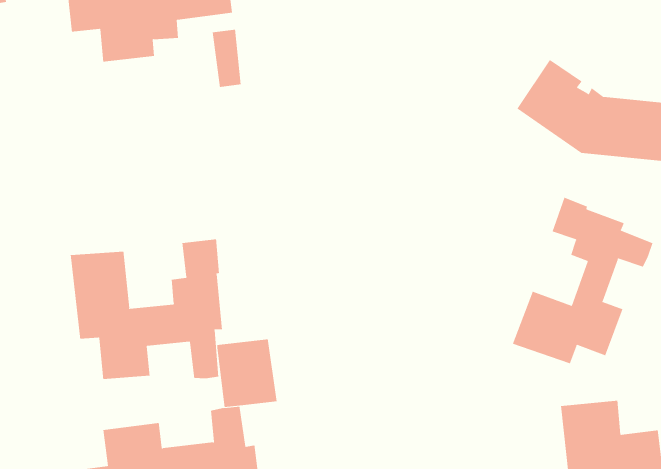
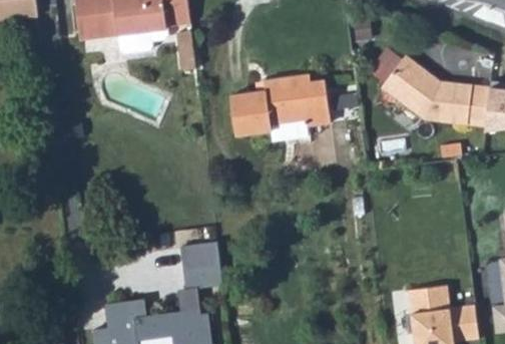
building: none -> [232,74,331,141]
building: [512,197,653,364] -> none
building: [70,238,223,380] -> none

